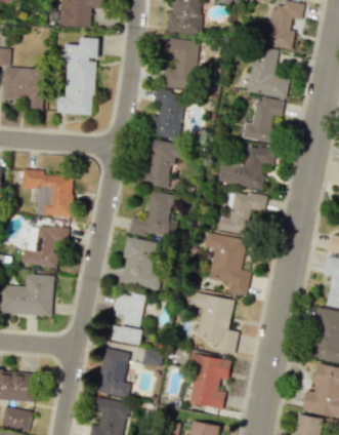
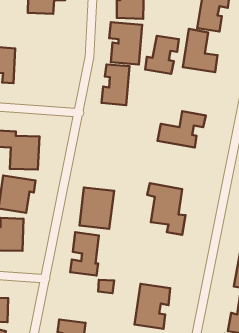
building: [55,37,98,115] -> none
building: [242,96,283,143] -> [145,36,179,74]
building: [141,137,177,189] -> none
building: [215,190,265,234] -> none
building: [128,191,173,239] -> none
building: [193,292,239,353] -> none
building: [98,348,131,396] -> none

